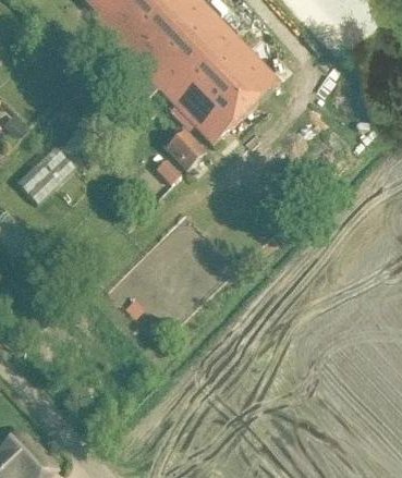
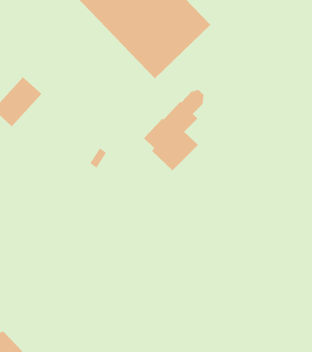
building: [166,133,205,172] -> none
building: none -> [143,89,204,171]

